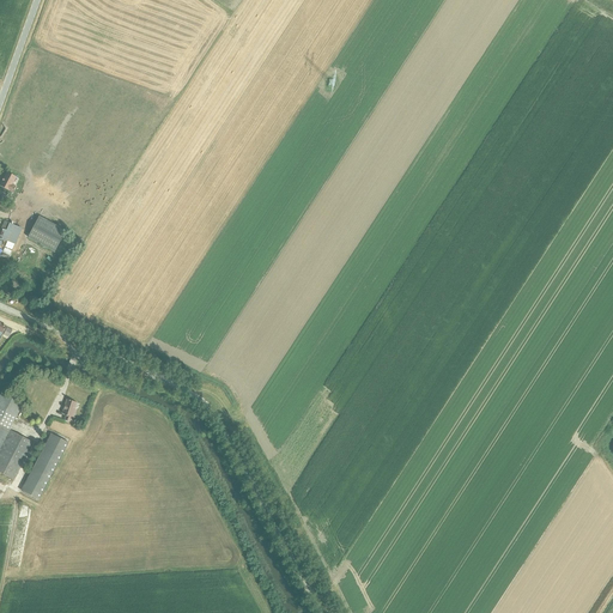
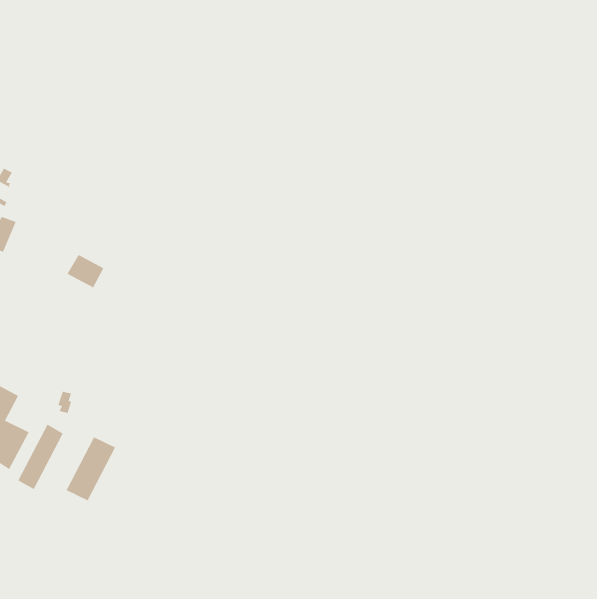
building: [24,216,62,250] -> [66,254,104,288]
building: none -> [66,437,116,501]

